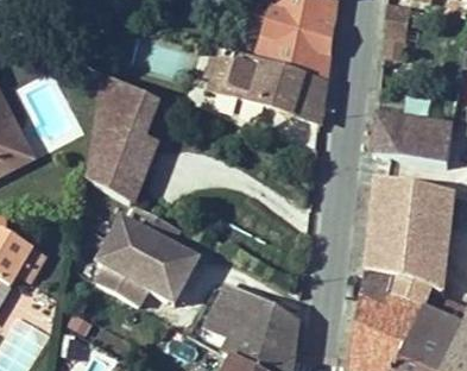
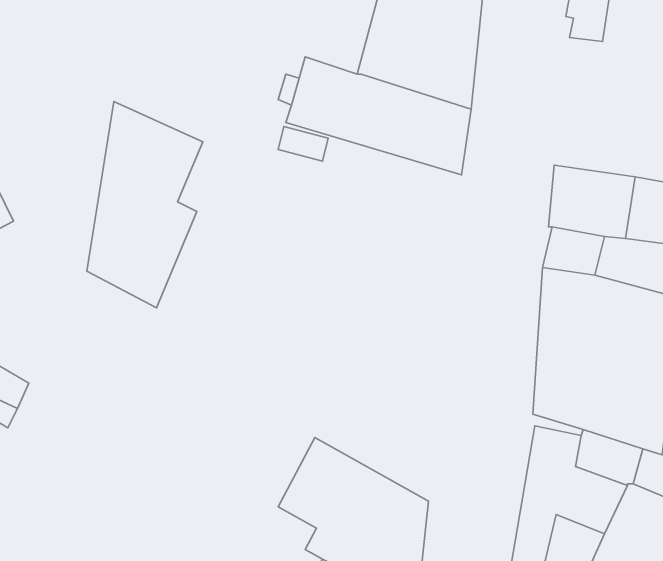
building: [91,202,191,301] -> none

